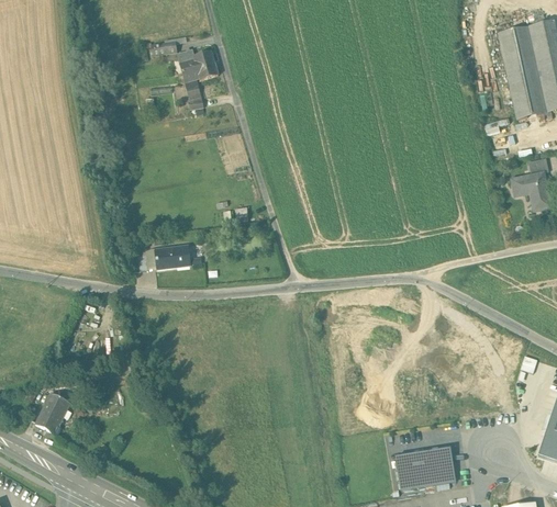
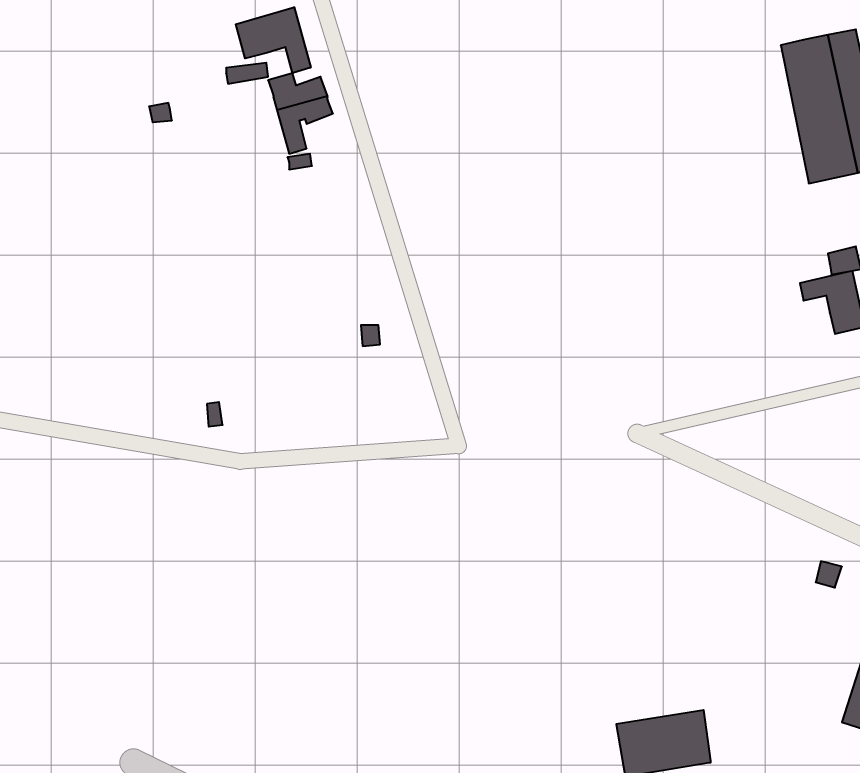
building: none -> [236,7,311,73]
building: [155,245,191,268] -> none
building: [36,393,70,432] -> none

